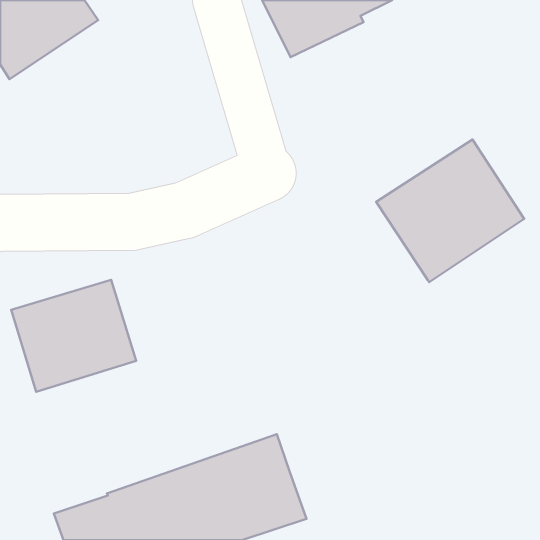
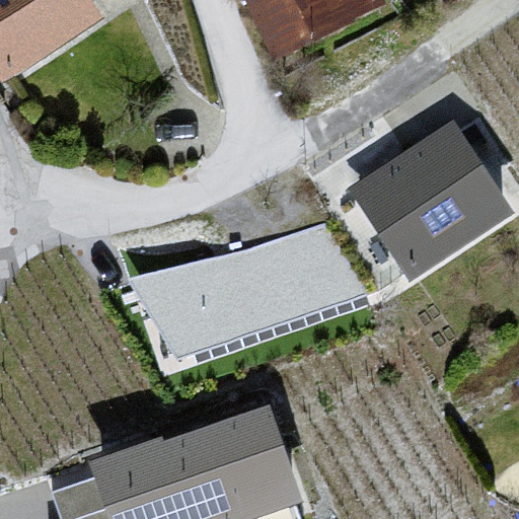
building: none -> [124,223,370,358]
building: [11,280,136,392] -> none

